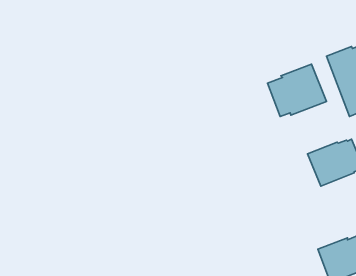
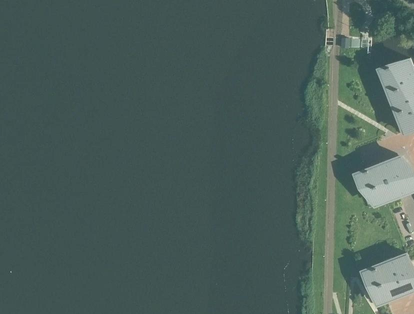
building: [267,64,326,116] -> none

